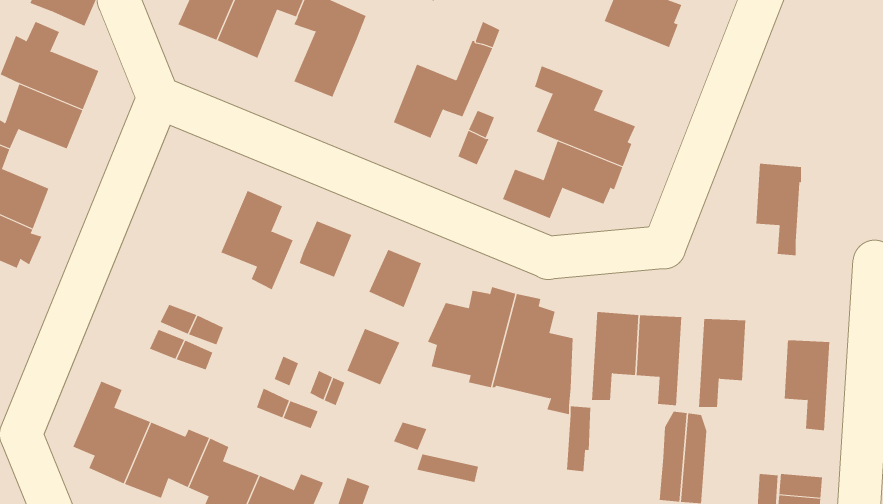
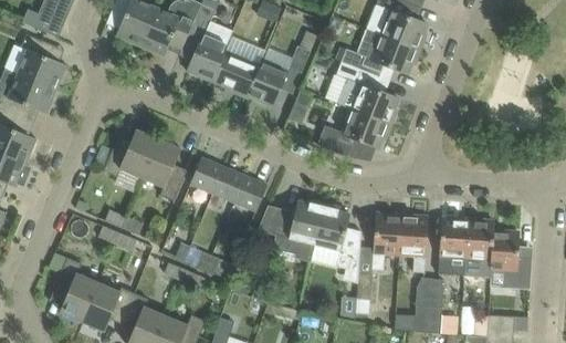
building: none -> [340,33,420,76]
building: none -> [211,44,263,98]
building: [756,163,802,256] -> [465,219,494,277]
building: none -> [103,128,158,177]
building: [347,328,400,385] -> [212,166,245,201]

